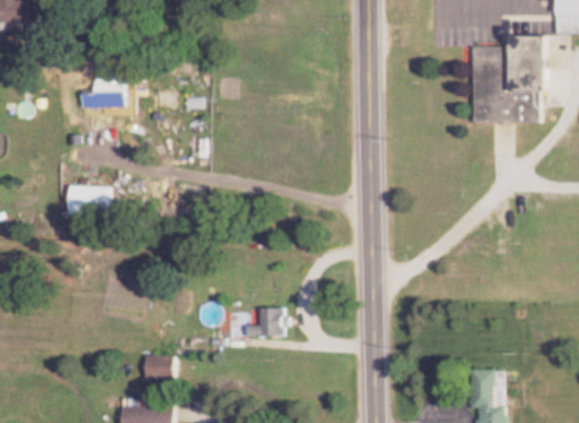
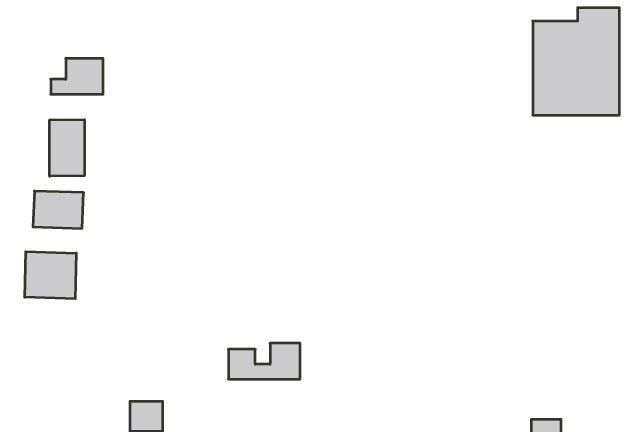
building: none -> [50,120,84,176]
building: none -> [25,252,76,299]

